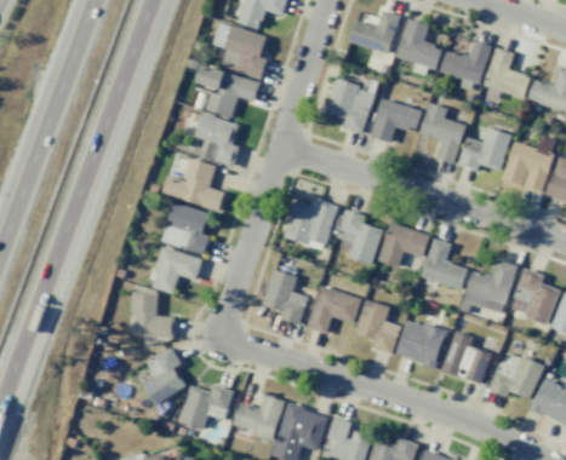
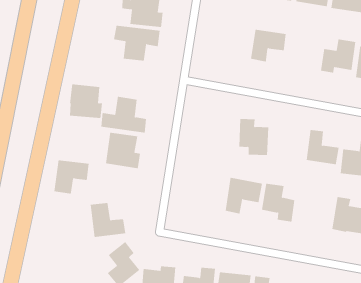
building: [325,79,375,132] -> none
building: [419,103,465,163] -> none
building: [191,114,238,165] -> [69,84,103,119]
building: [285,200,337,249] -> none
building: [378,223,430,268] -> none
building: [150,247,202,294] -> [53,160,89,194]
building: [263,270,308,324] -> none
building: [396,320,447,367] -> none

